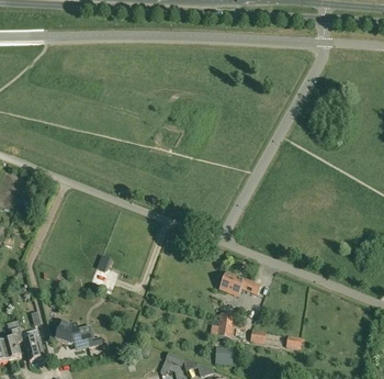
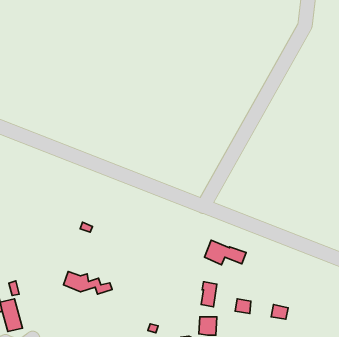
building: [55,325,102,347] -> [64,271,112,294]

